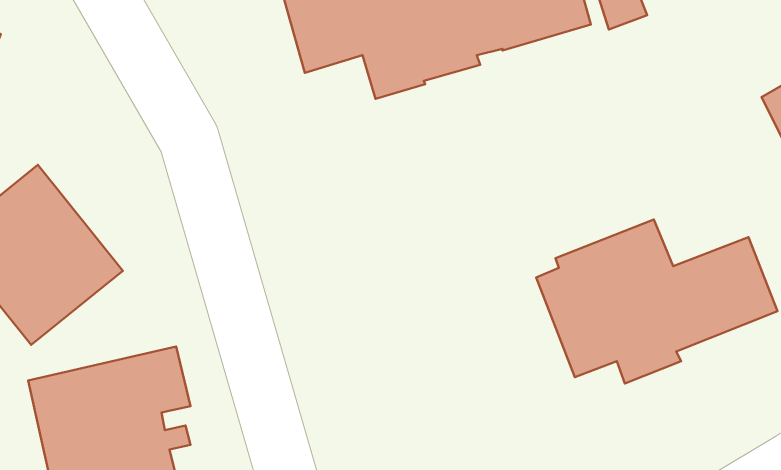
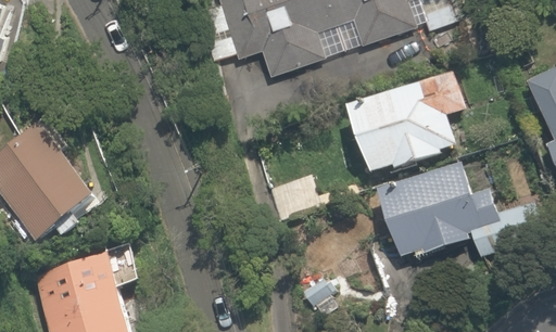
building: none -> [346,68,465,173]

